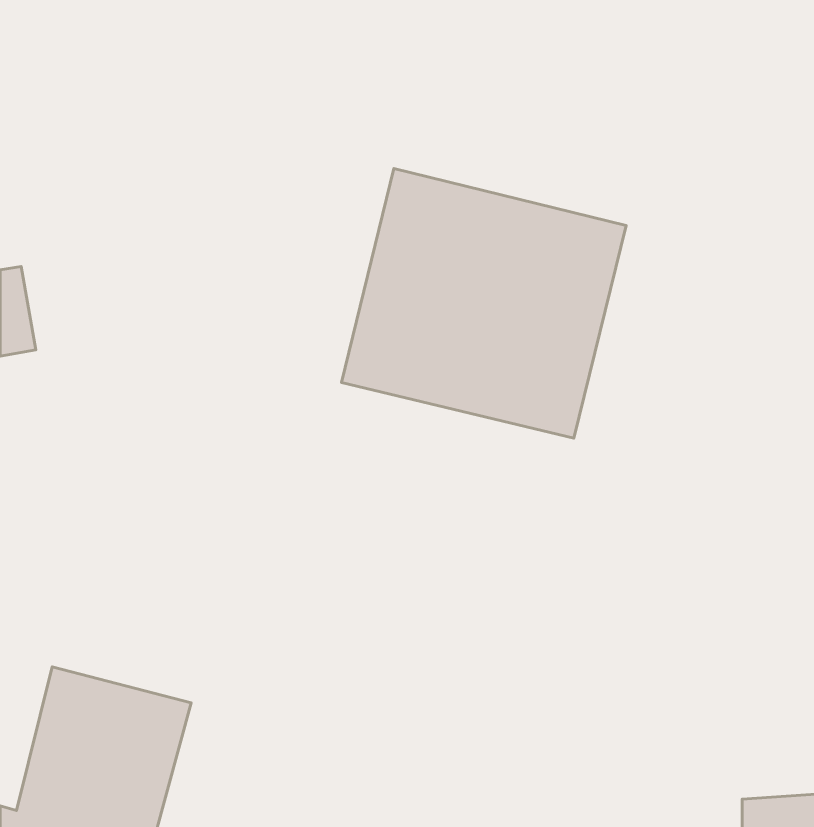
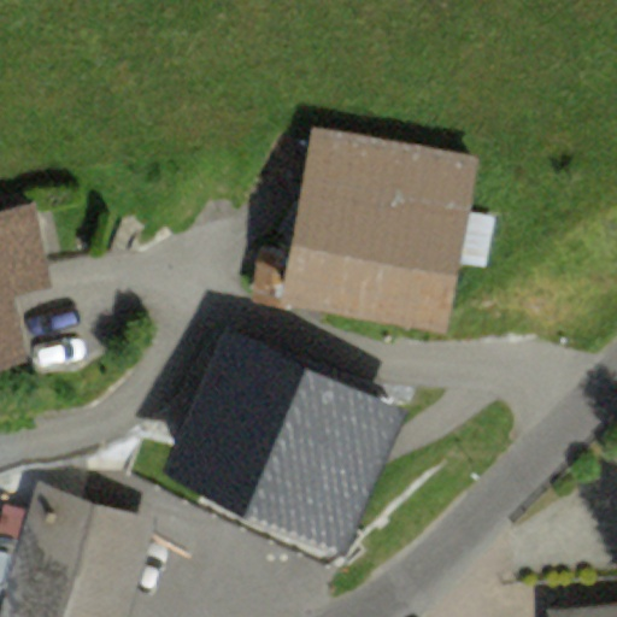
building: none -> [192,348,402,539]

